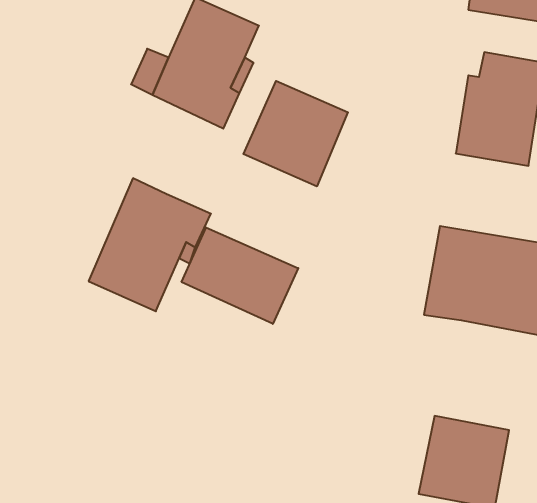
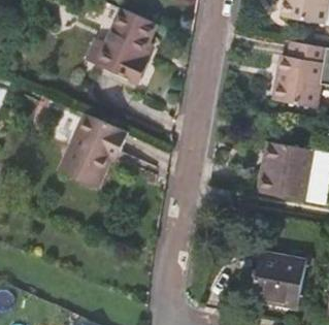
building: [243,81,348,186] -> none
building: [182,227,298,324] -> none

